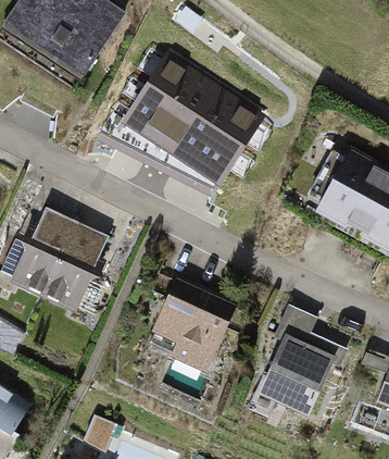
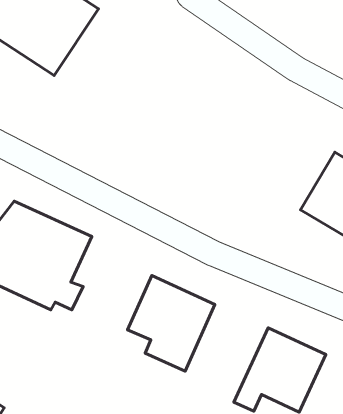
building: [122,58,264,191] -> none

